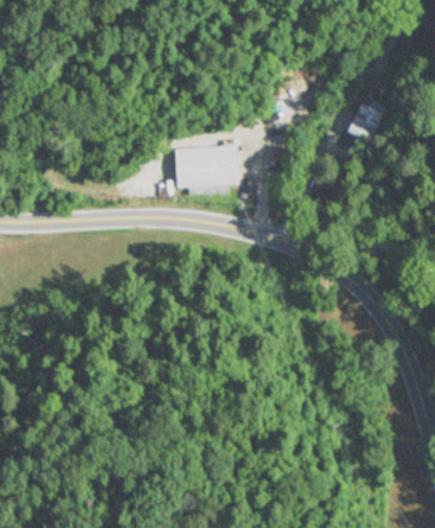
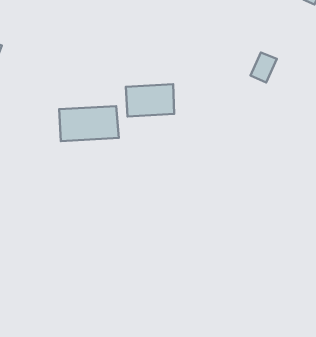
building: none -> [59,106,119,141]

